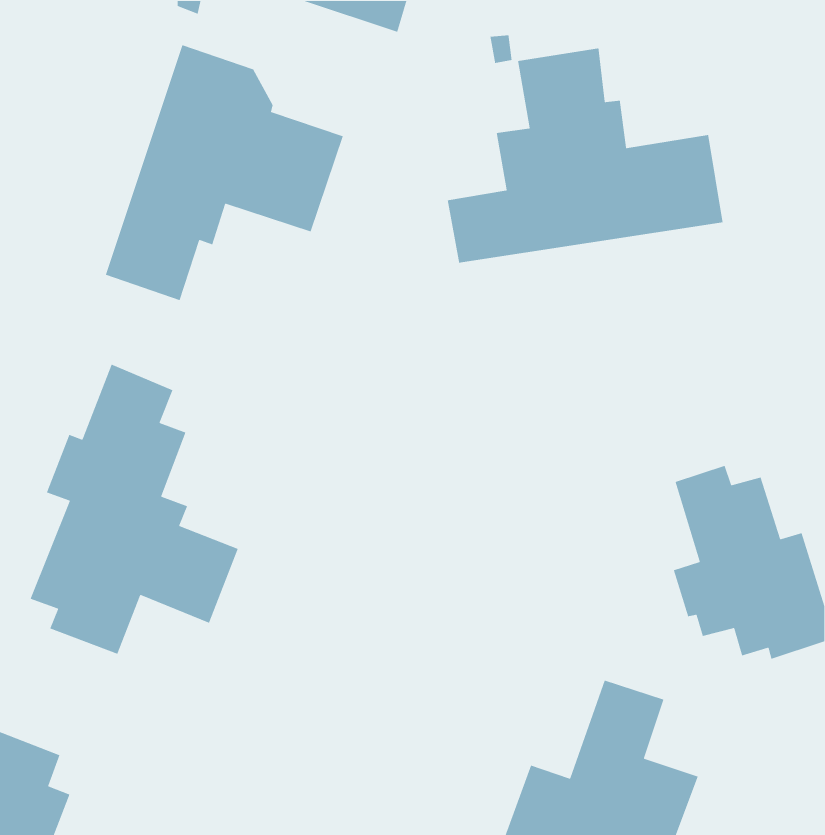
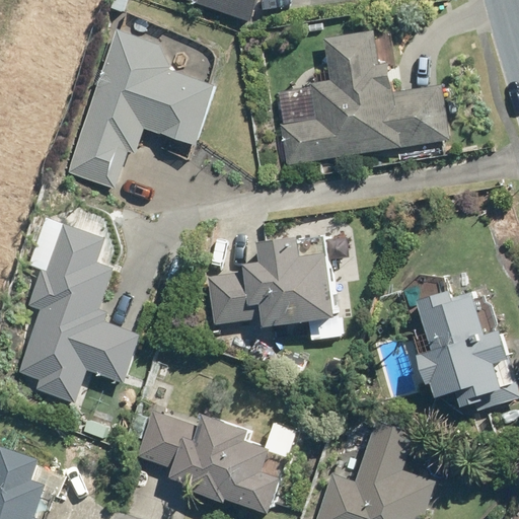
building: none -> [204,235,335,325]
building: none -> [134,411,281,511]

